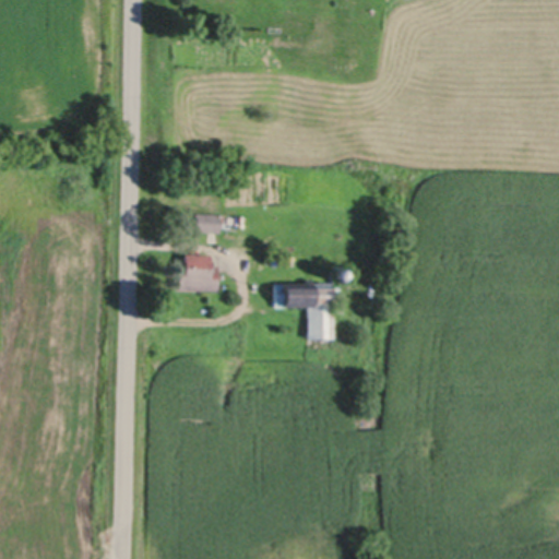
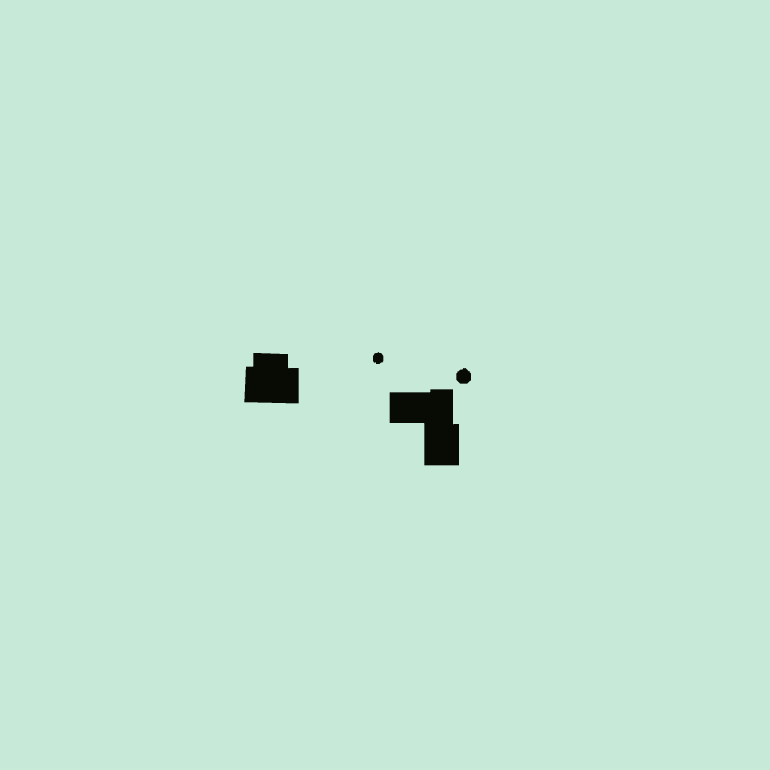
building: [197,214,222,235] -> none

